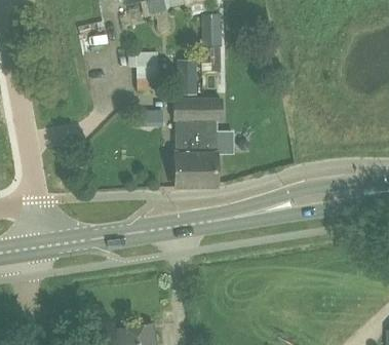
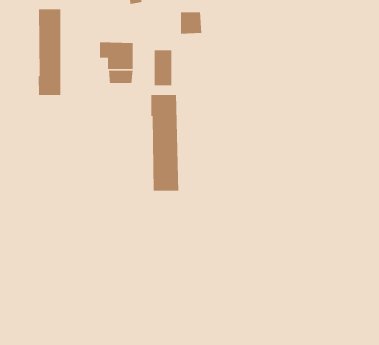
building: none -> [38,8,61,96]
building: [198,99,222,186] -> none

